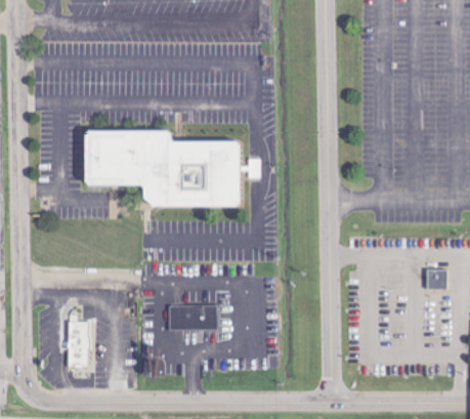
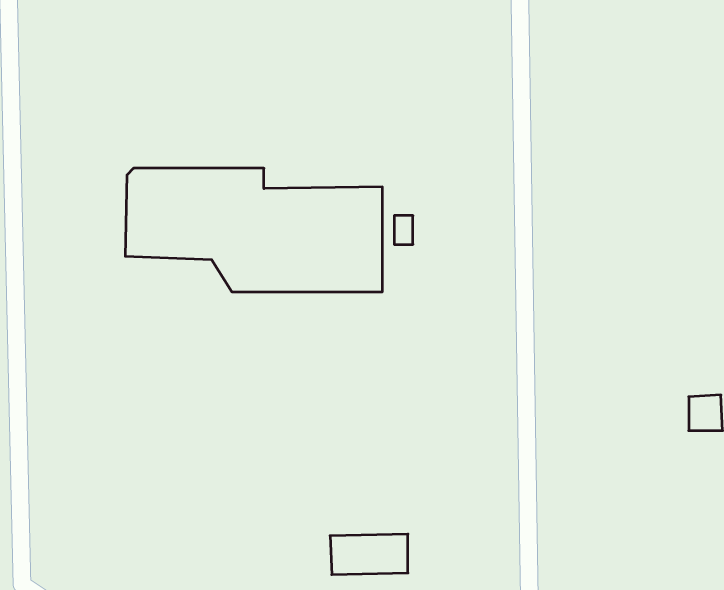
building: [165,305,212,330] -> [330,534,408,575]
building: [61,319,89,368] -> none

